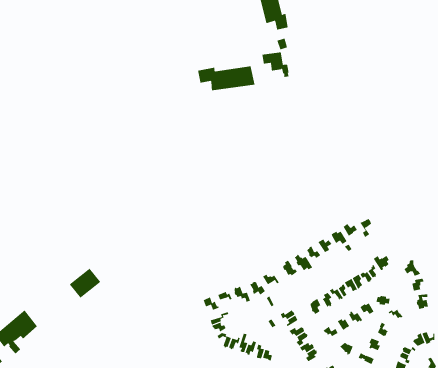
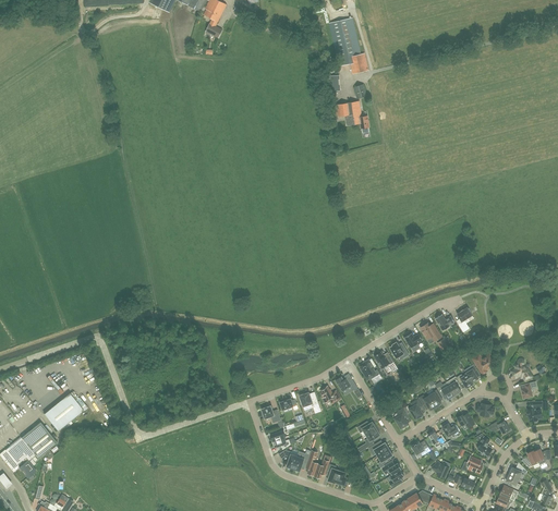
building: [198,65,255,91] -> none
building: [69,268,101,298] -> [43,392,83,430]

